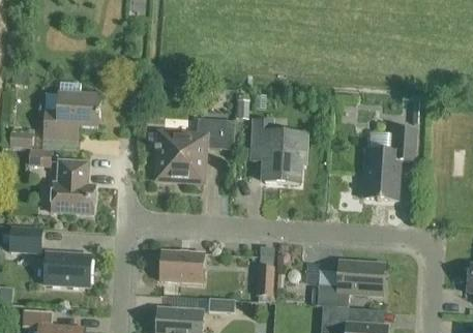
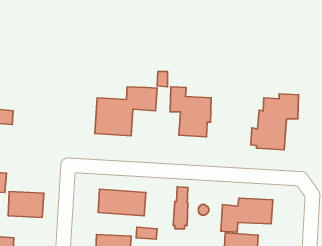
building: [43,82,98,138] -> none
building: [51,159,94,213] -> none

